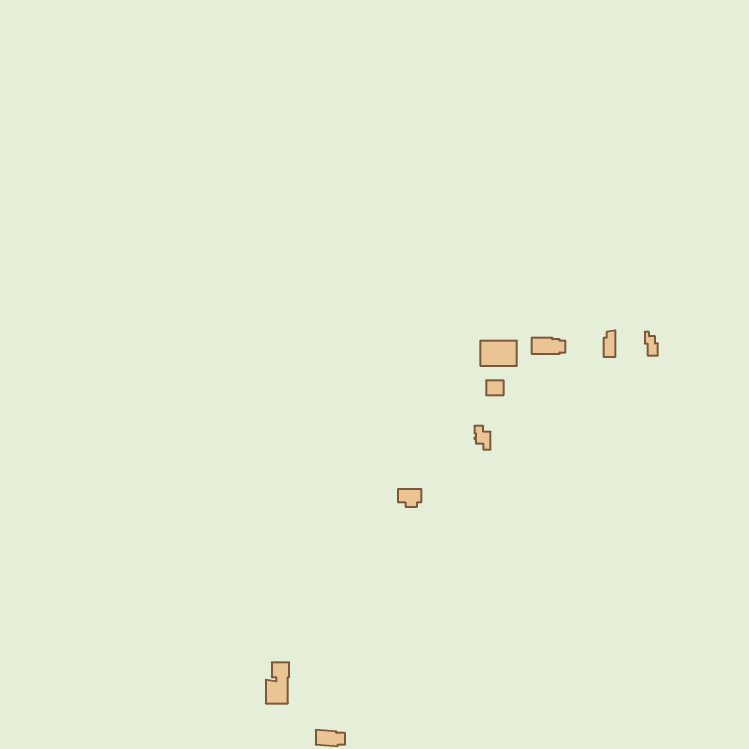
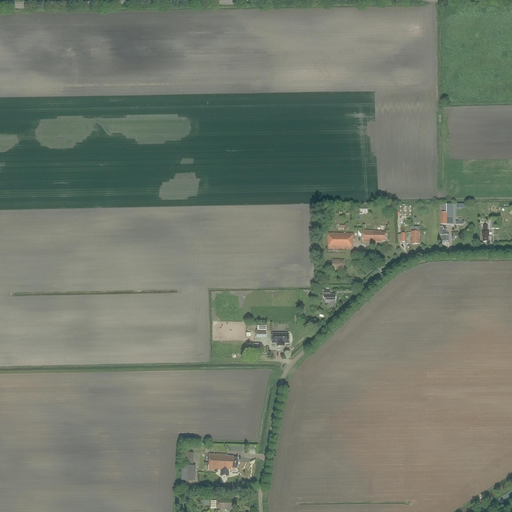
building: none -> [207,453,237,475]

